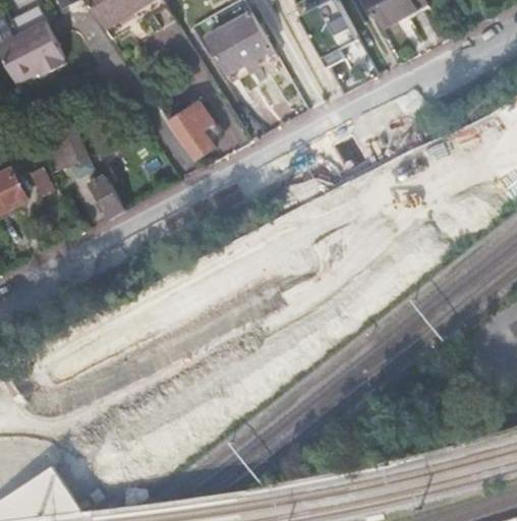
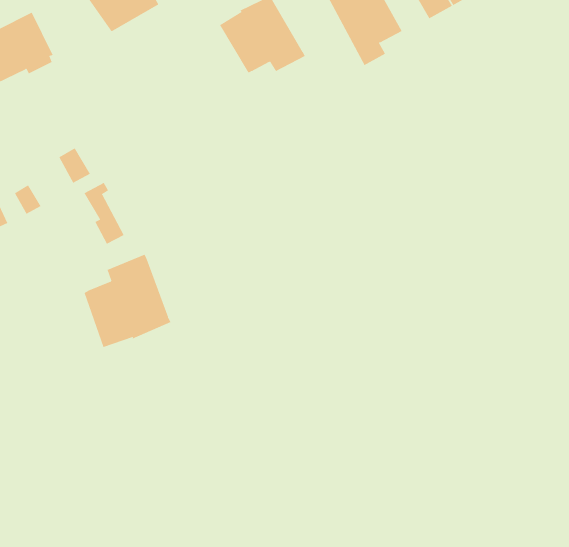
building: [168,101,213,159] -> none
building: none -> [84,254,171,348]

